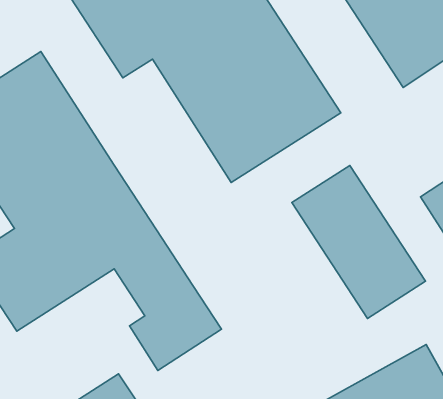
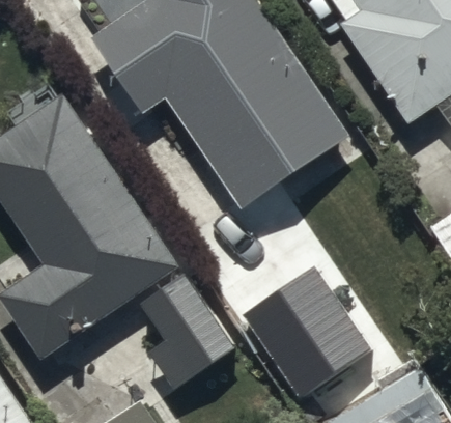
building: [292,165,425,318] -> [225,253,351,398]

